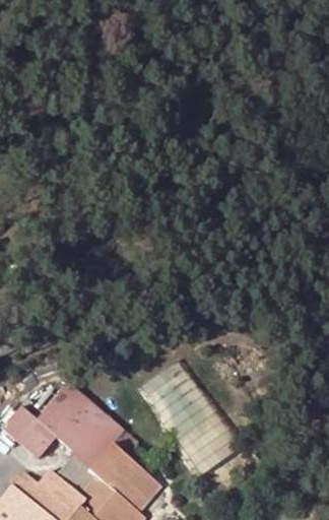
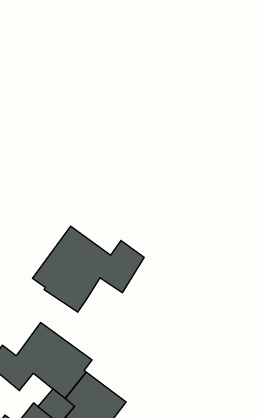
building: none -> [32,226,144,312]

